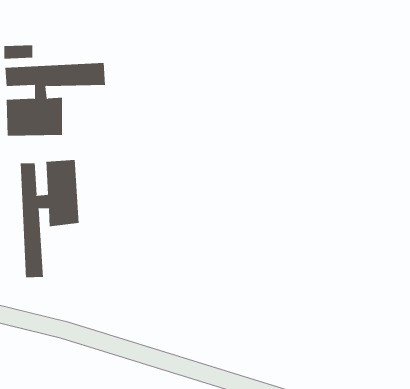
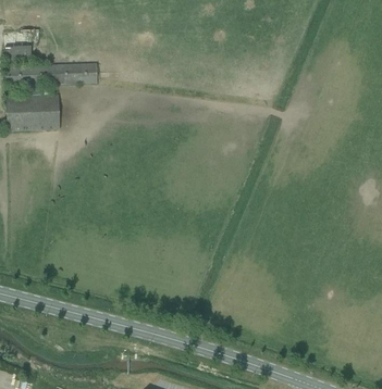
building: [20,159,79,278] -> none

